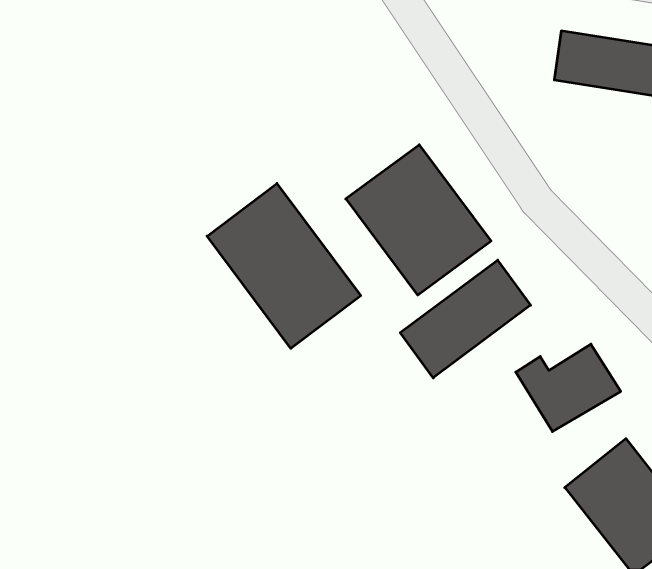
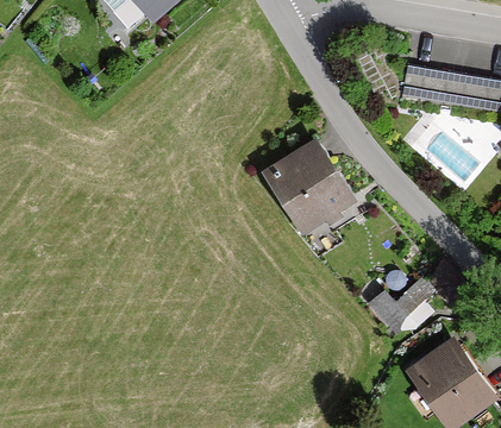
building: [207,183,361,348] -> none
building: [400,260,531,378] -> none

